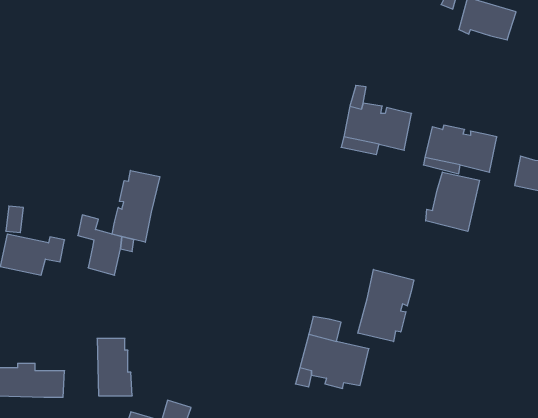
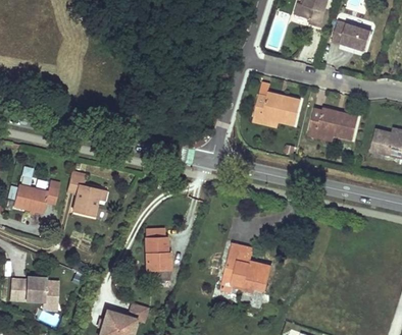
building: [112,170,160,242] -> none
building: [426,172,479,231] -> none
building: [358,269,414,342] -> none
building: [97,338,132,396] -> [145,228,169,268]

